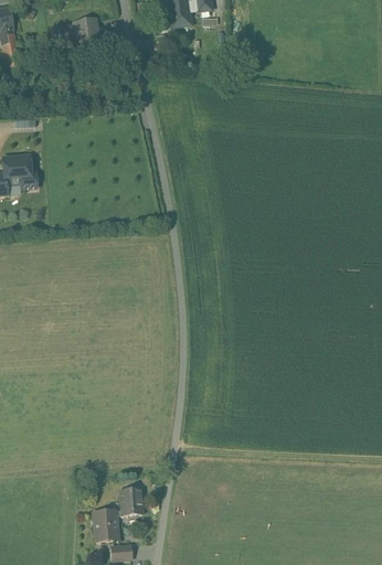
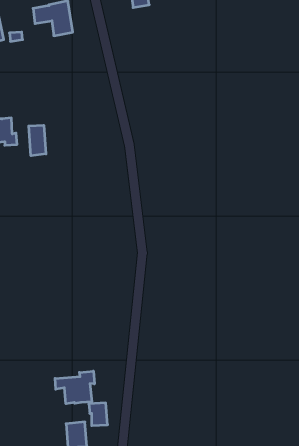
building: none -> [29,125,46,156]
building: none -> [55,371,94,404]

